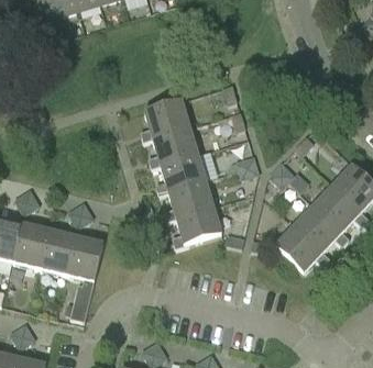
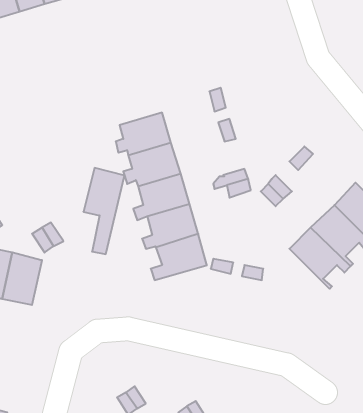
building: [274,222,329,269] -> none
building: [66,237,102,313] -> [83,168,125,254]

